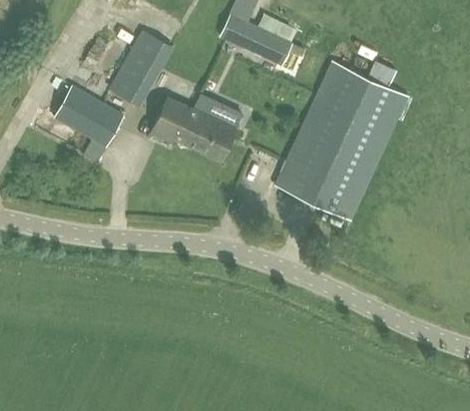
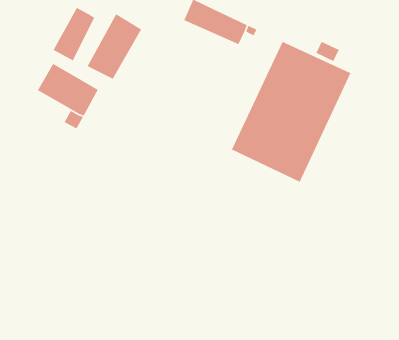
building: none -> [53,7,95,62]
building: [151,94,241,159] -> none

